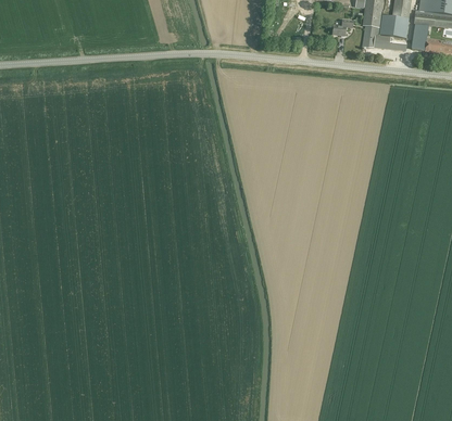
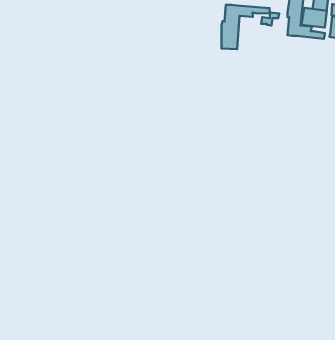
building: none -> [221,5,270,49]

